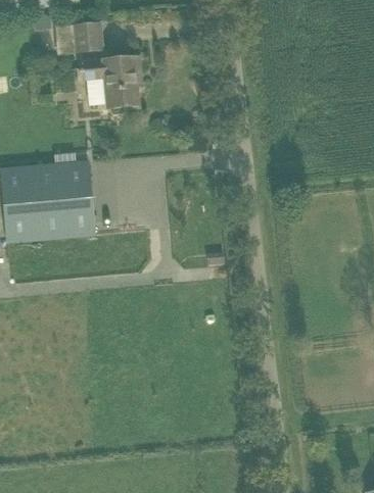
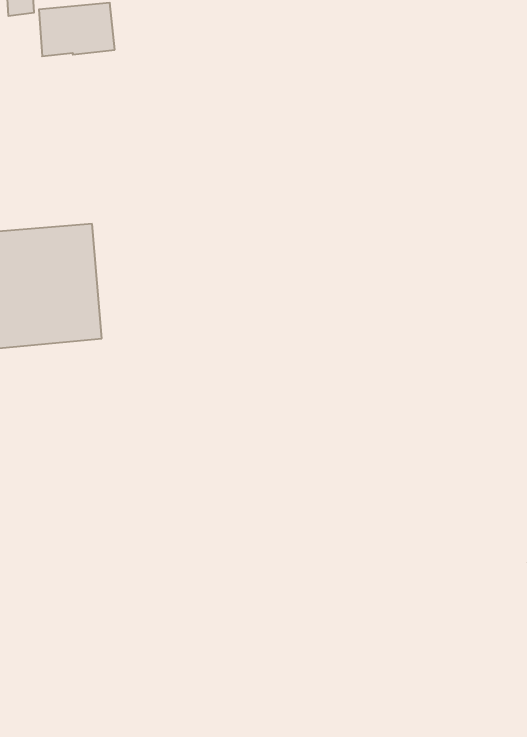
building: [80,54,141,112] -> none

